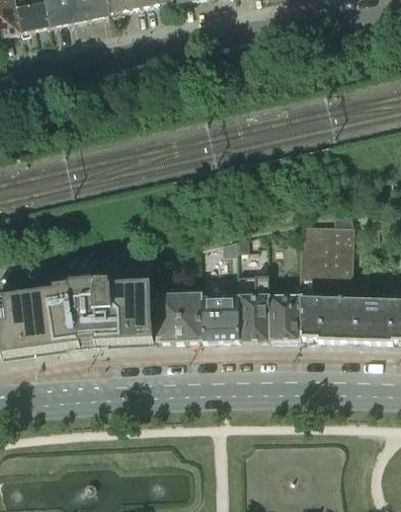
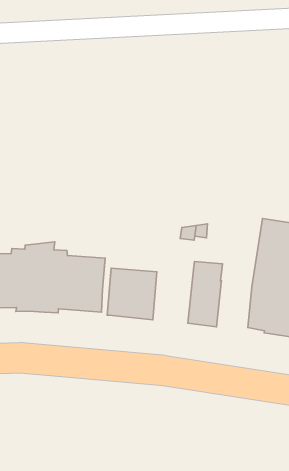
building: [204,280,241,339] -> none
building: [269,293,302,338] -> none

